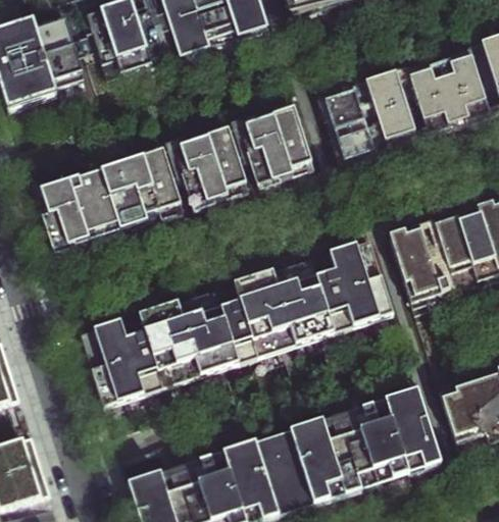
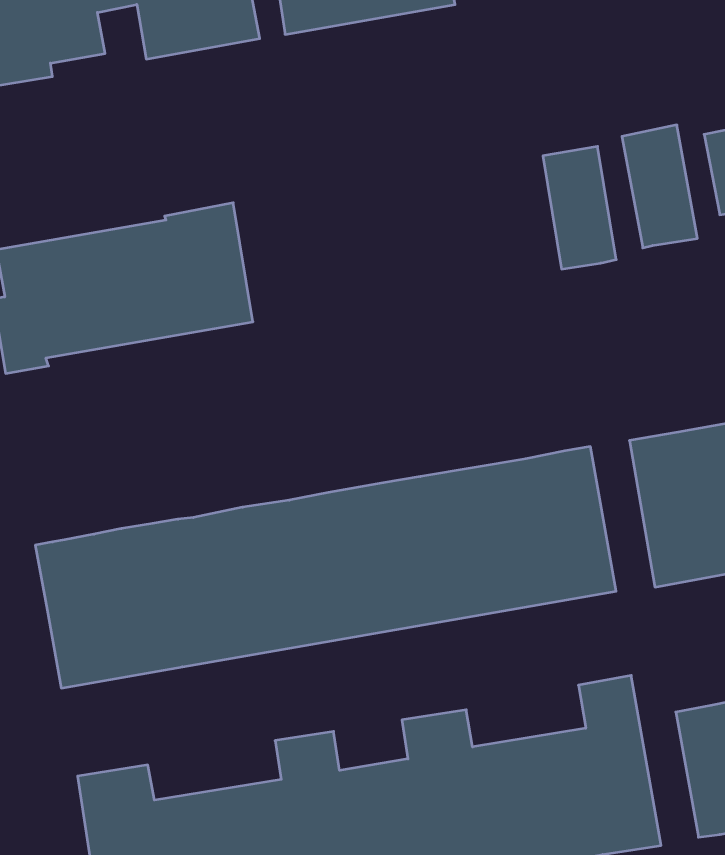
building: [244,102,314,188] -> none
building: [179,124,249,210] -> none

